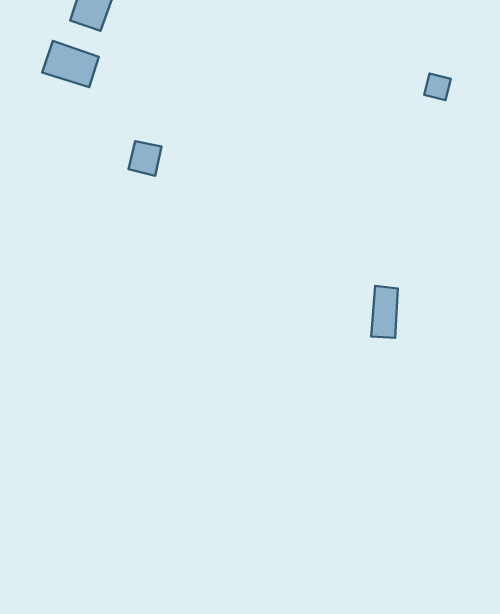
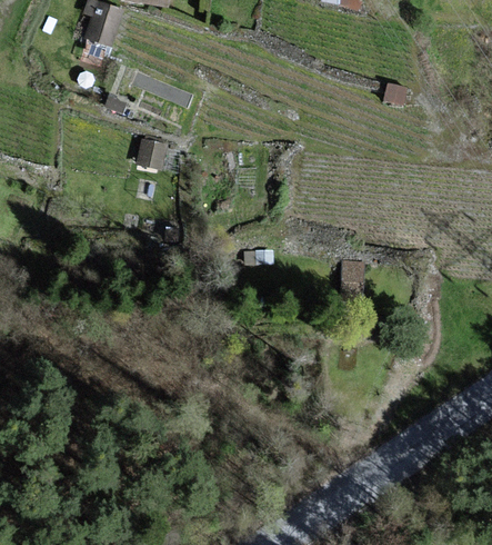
building: [42,41,99,87] -> none

